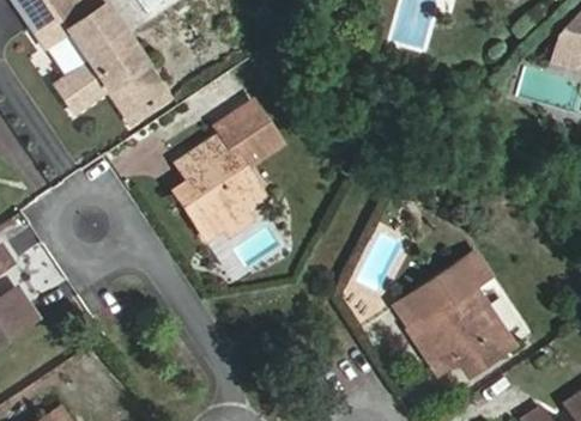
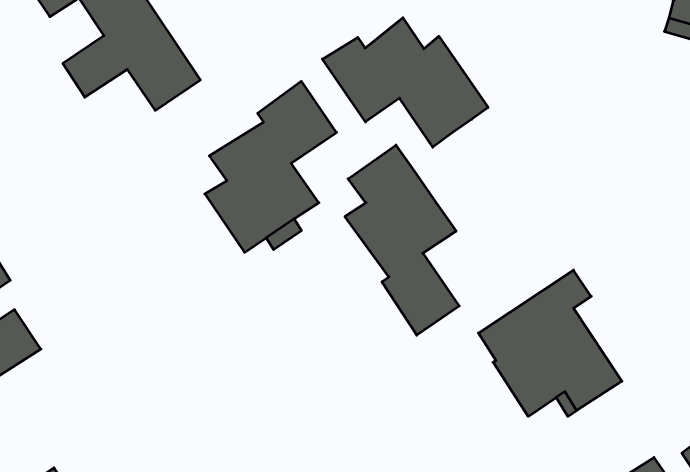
building: none -> [322,18,488,147]
building: none -> [345,145,459,335]

